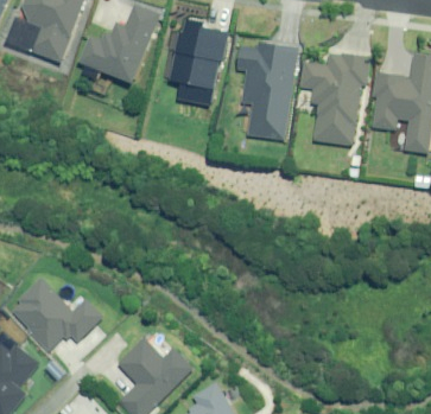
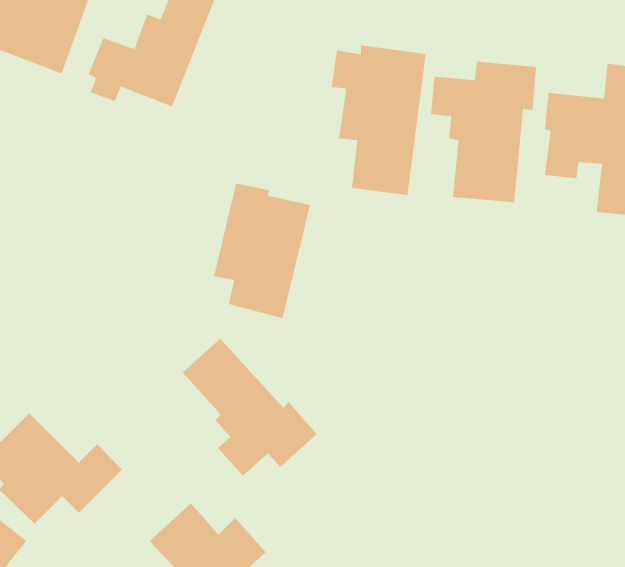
building: [166,19,229,107] -> [213,183,311,319]
building: none -> [182,338,318,477]

